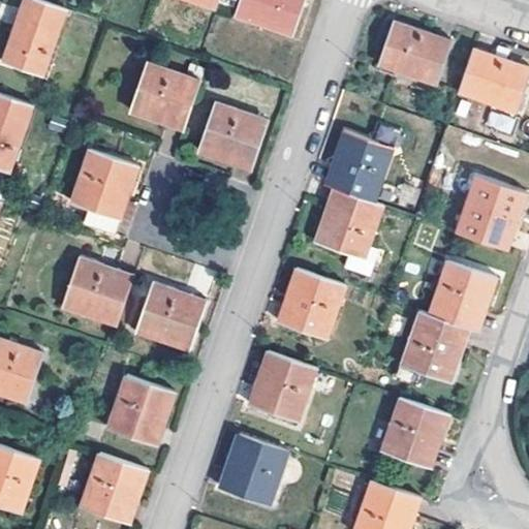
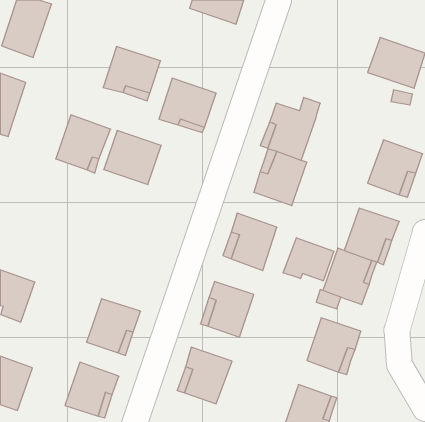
building: [377,24,449,87] -> none
building: [61,258,132,325] -> [104,130,161,185]
building: [134,283,205,350] -> none
building: none -> [283,238,334,281]

